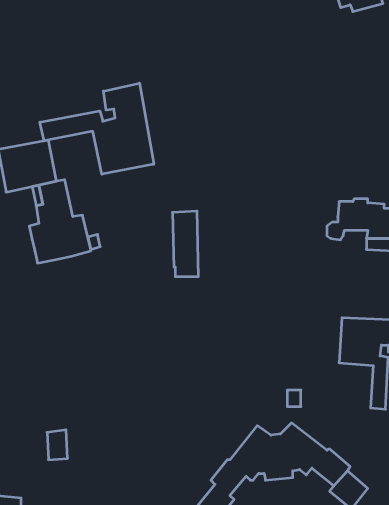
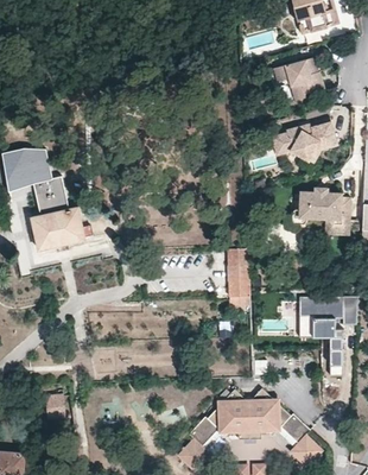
building: none -> [275,59,325,102]
building: [40,83,154,174] -> none
building: none -> [269,119,335,163]
building: [172,211,198,277] -> [227,248,249,305]

